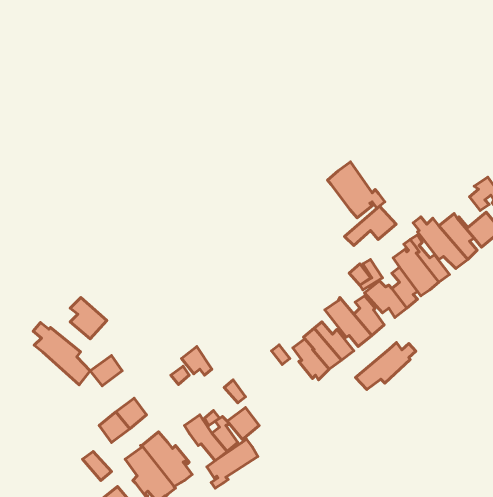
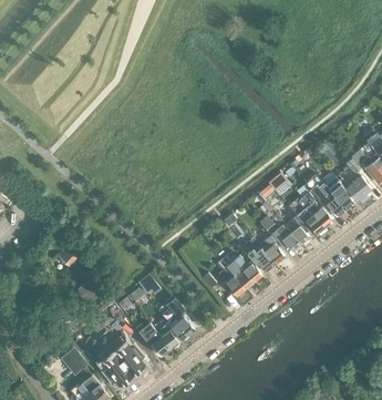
building: [328,162,385,218] -> none
building: [33,322,90,385] -> none
building: [356,343,416,389] -> none
building: [207,439,258,488] -> none

